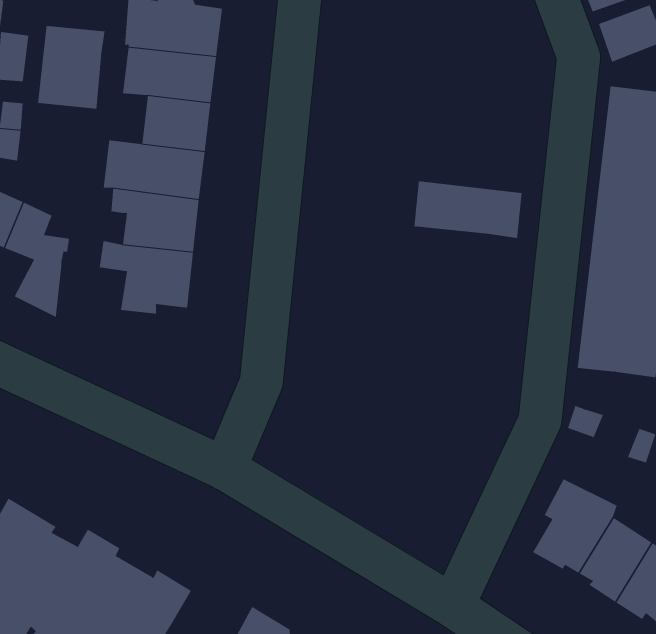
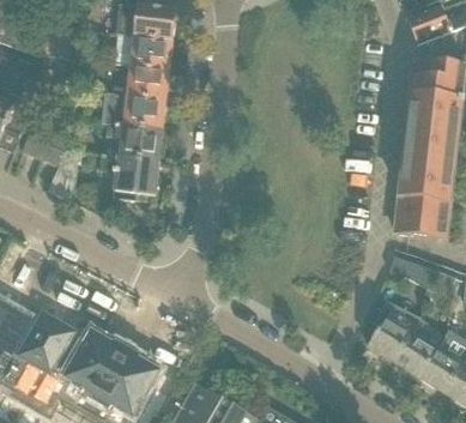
building: [38,25,105,109] -> none
building: [414,180,522,239] -> none

